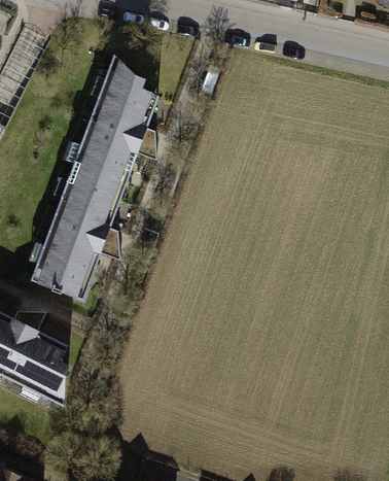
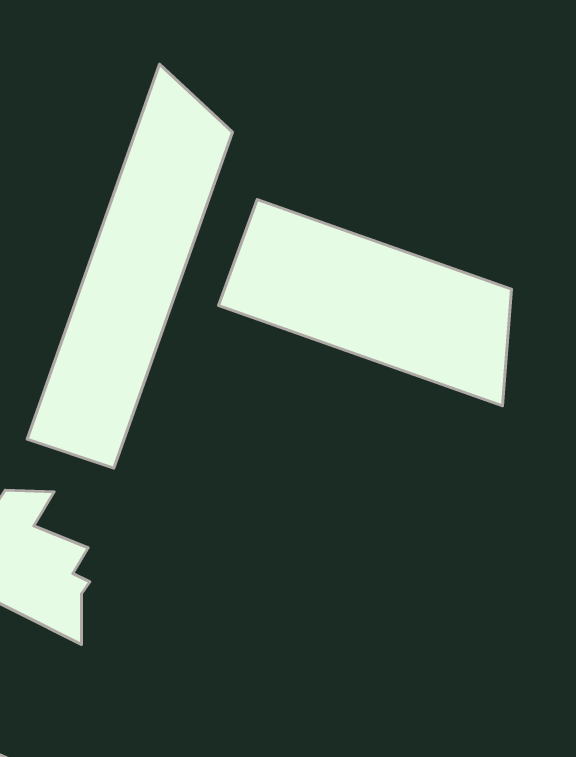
building: none -> [219,200,512,406]

